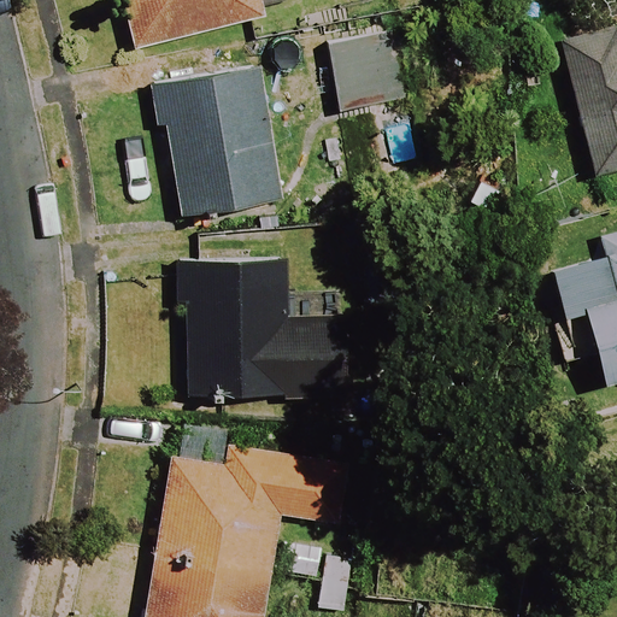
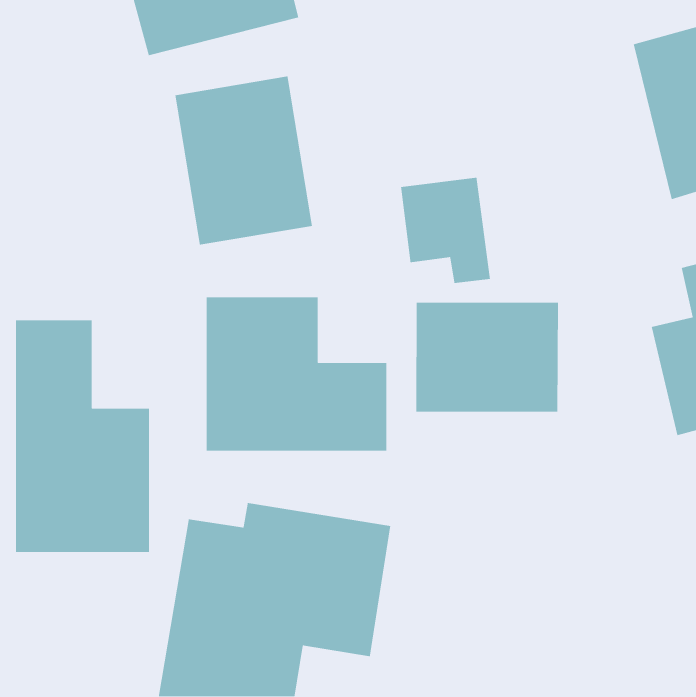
building: [330,35,410,129] -> [400,177,491,284]
building: none -> [415,302,559,413]
building: none -> [15,319,150,553]

